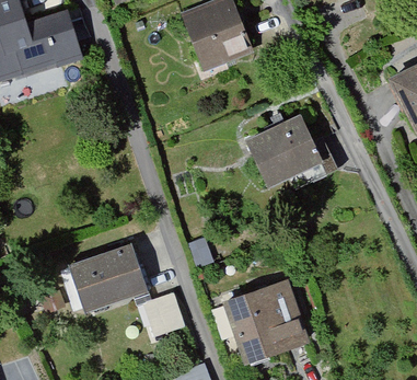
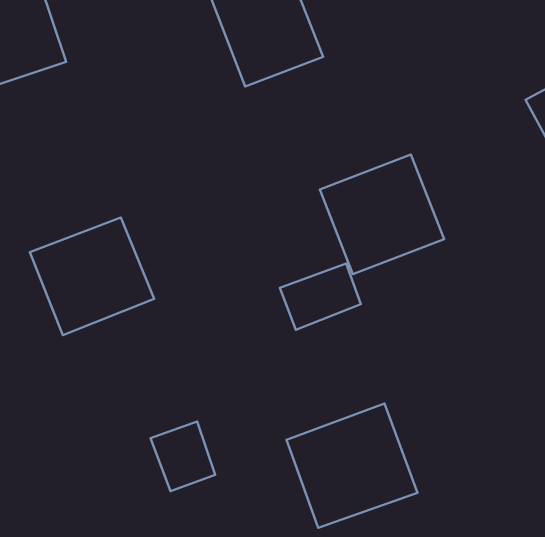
building: none -> [280,264,361,330]
building: [67,238,149,315] -> [30,217,154,335]

